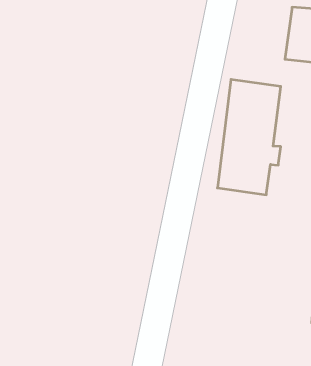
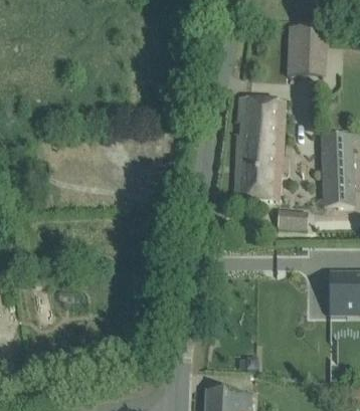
building: none -> [277,209,308,227]

